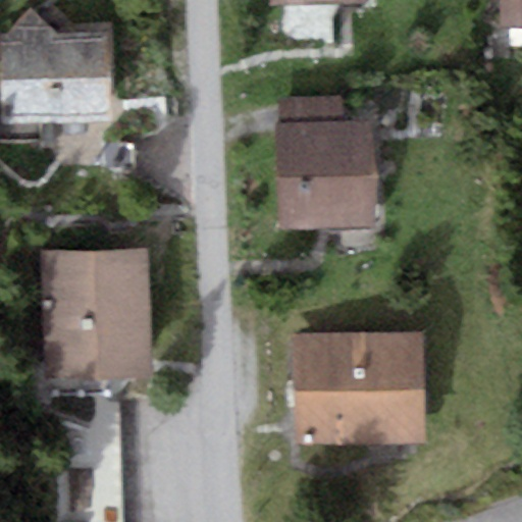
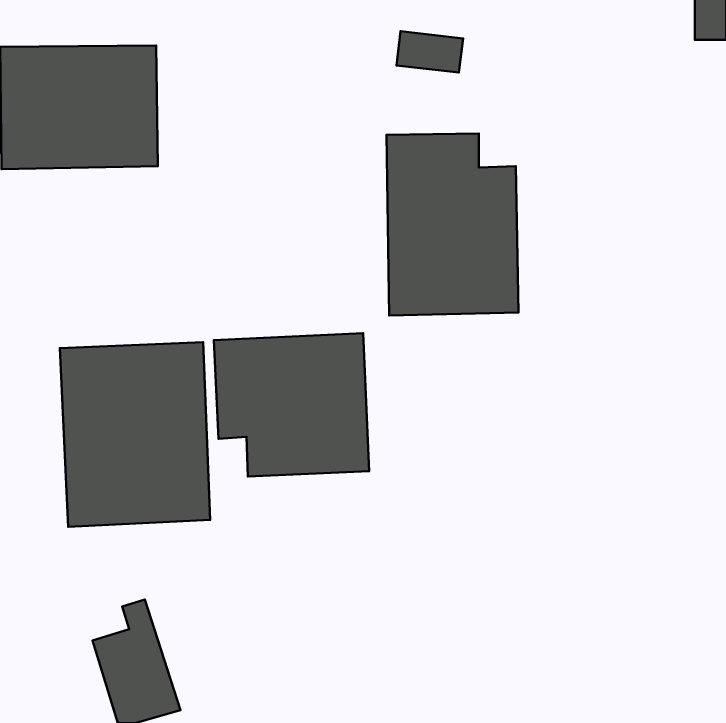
building: none -> [214,333,369,476]
building: [293,331,426,442] -> none

